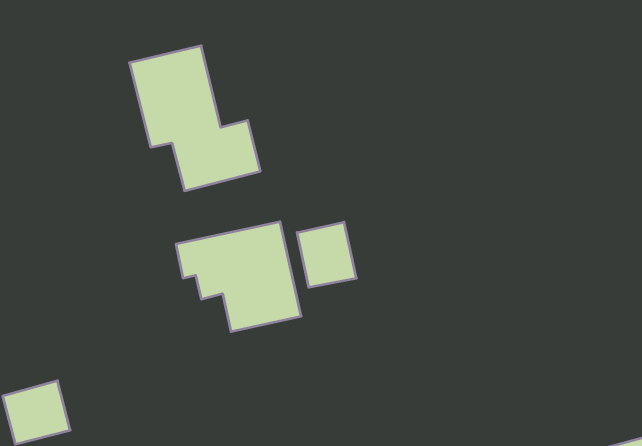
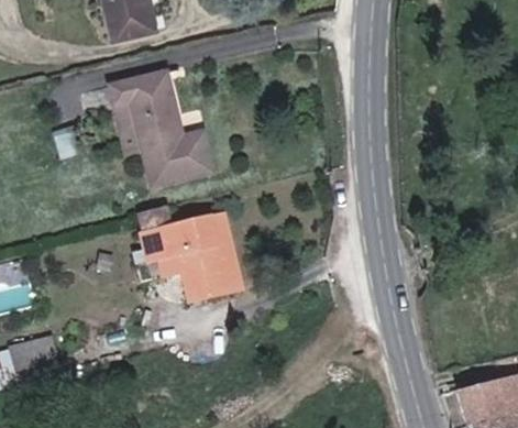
building: [297,222,356,287] -> none

